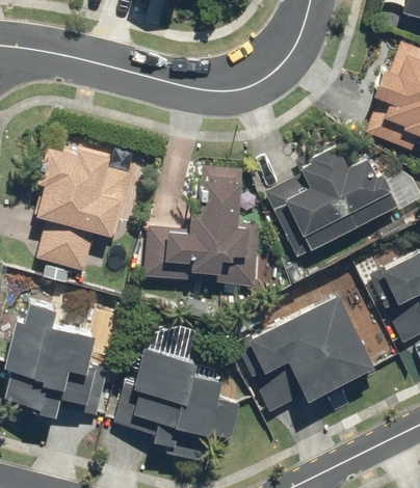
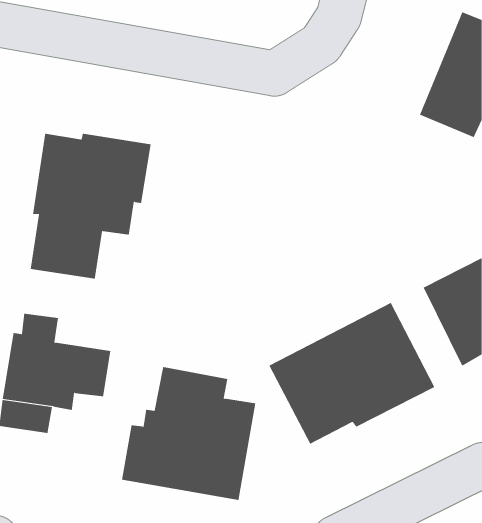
building: [264,142,403,262] -> none
building: [148,168,258,283] -> none

